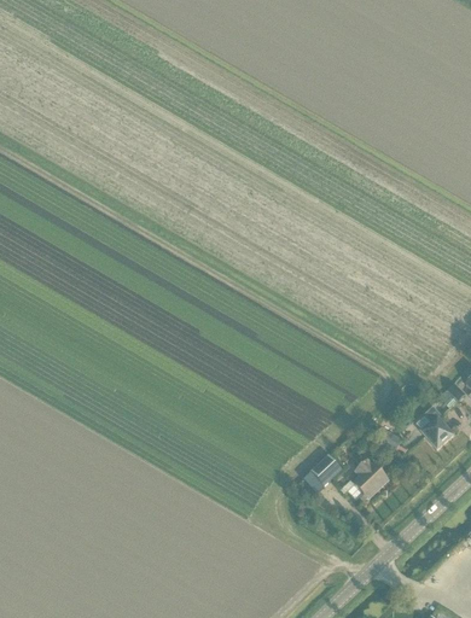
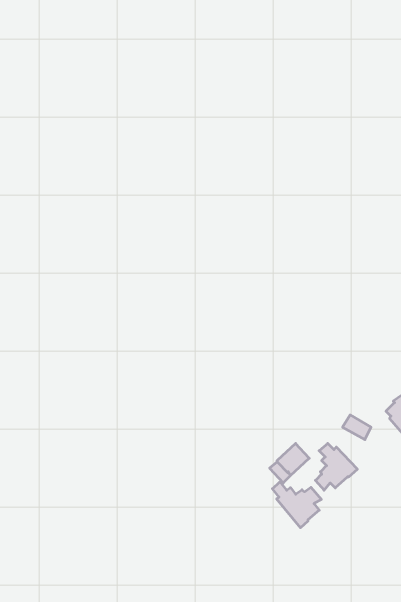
building: none -> [272,482,321,528]

